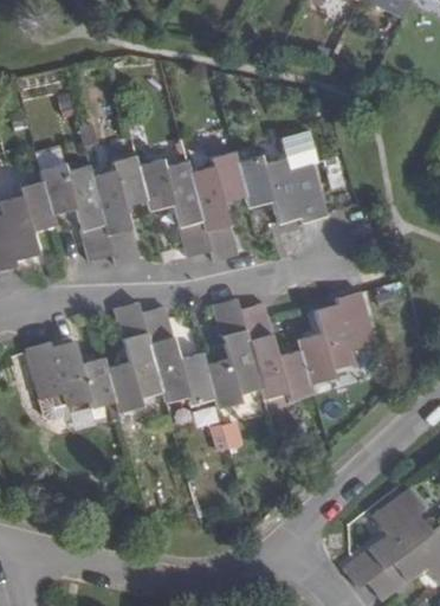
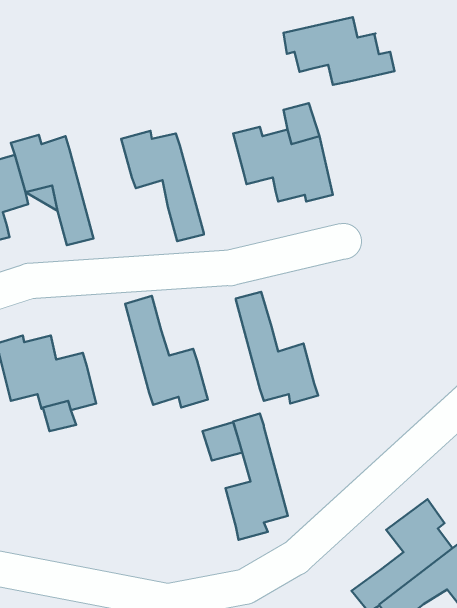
building: none -> [283,17,394,85]
building: [189,150,246,262] -> none
building: [91,155,147,265] -> none
building: [297,291,374,383] -> none
building: [205,297,260,410] -> [225,414,288,540]
building: [106,302,162,413] -> none

